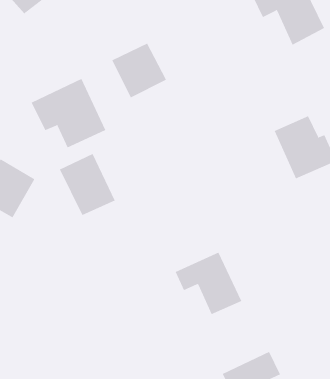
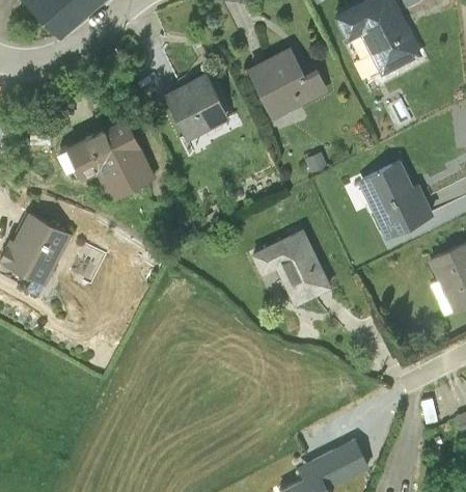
building: none -> [247,49,327,119]
building: [59,153,115,216] -> none
building: [175,252,242,315] -> [250,227,331,303]

